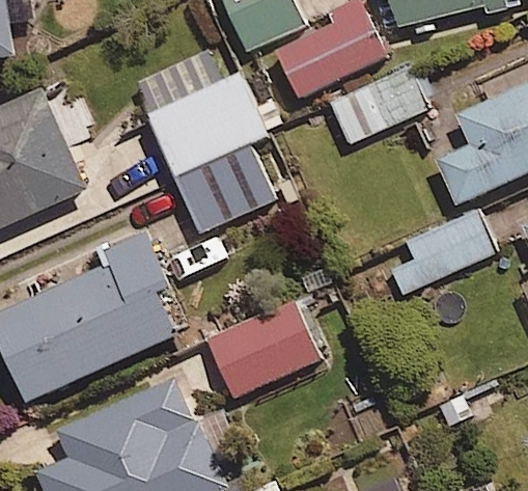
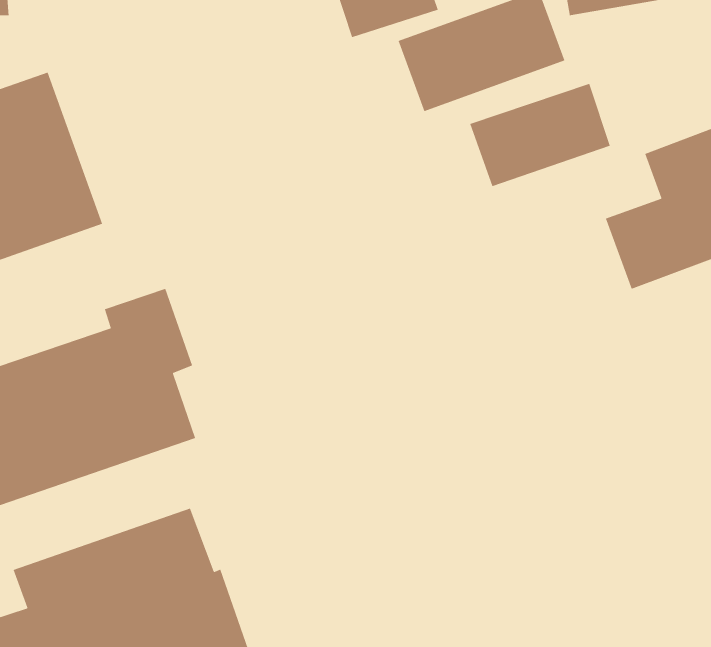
building: [133,45,281,238] -> none
building: [390,210,499,298] -> none
building: [213,302,325,398] -> none

